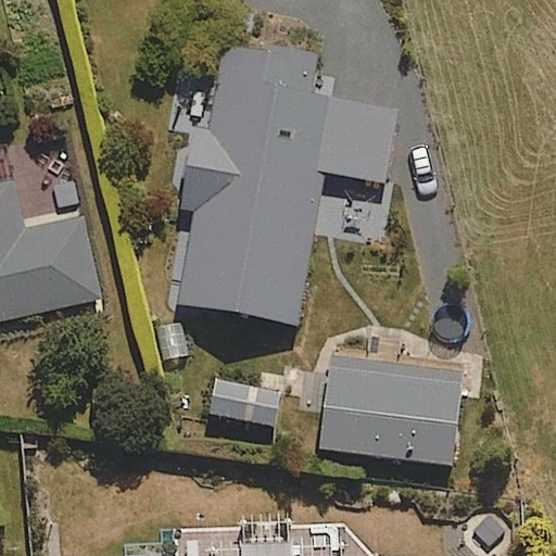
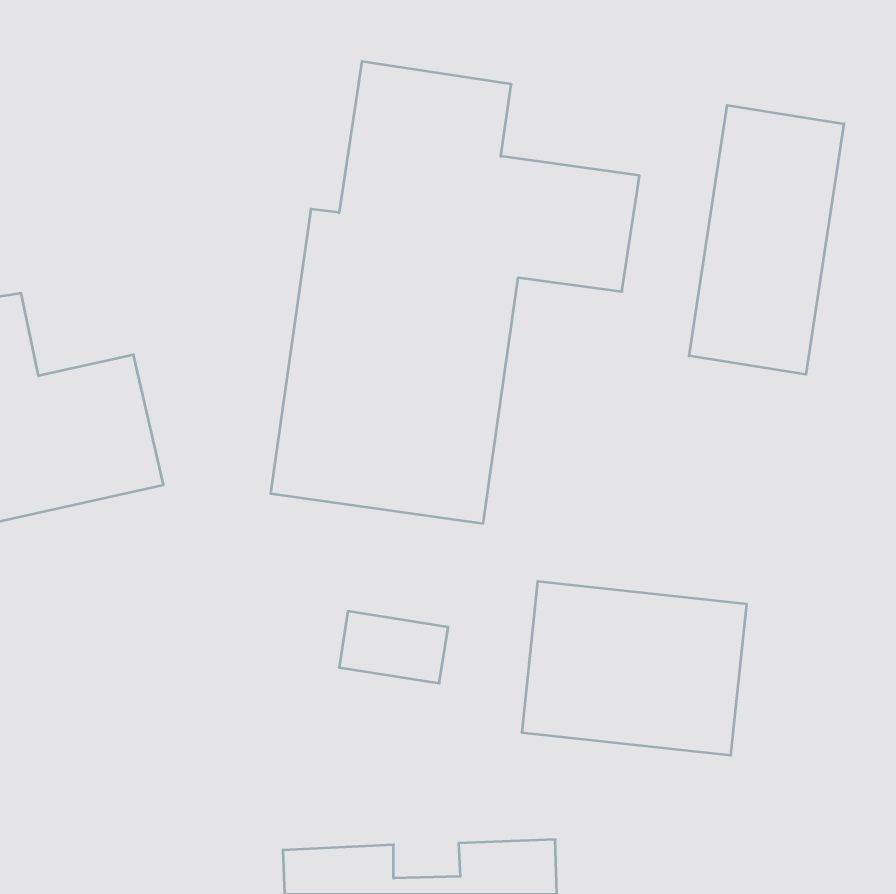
building: none -> [689,105,844,374]

